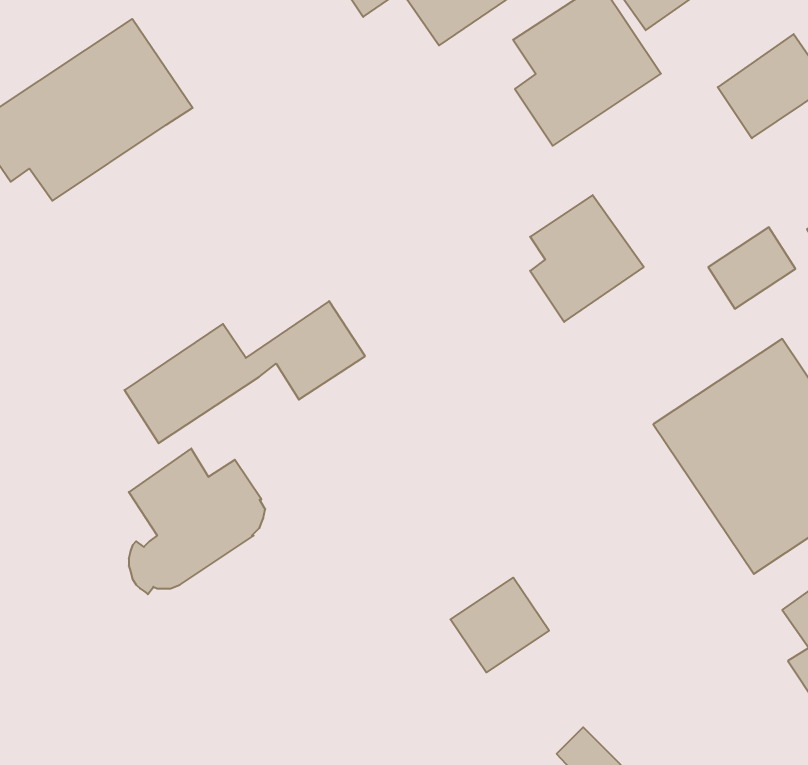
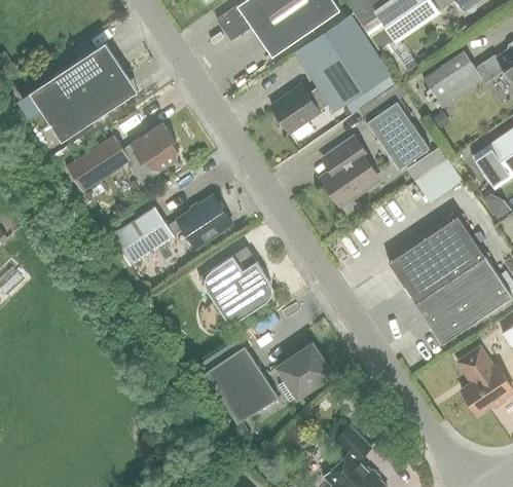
building: none -> [270,85,329,133]
building: none -> [366,101,430,170]
building: none -> [65,125,178,192]
building: [129,448,265,594] -> [198,255,272,334]
building: none -> [203,346,279,425]

